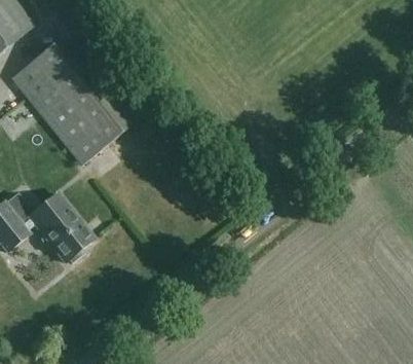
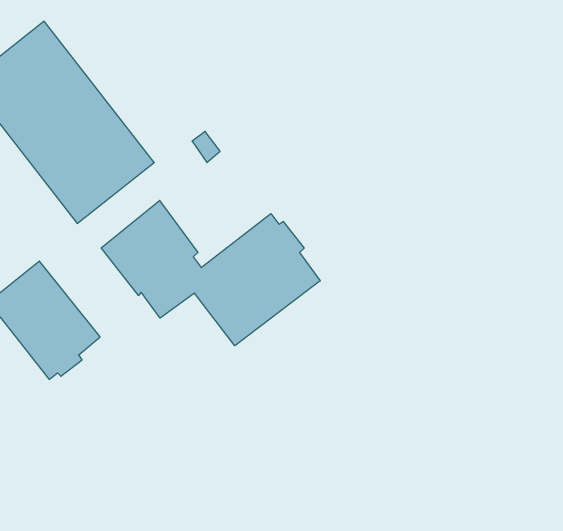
building: none -> [101,200,320,346]

